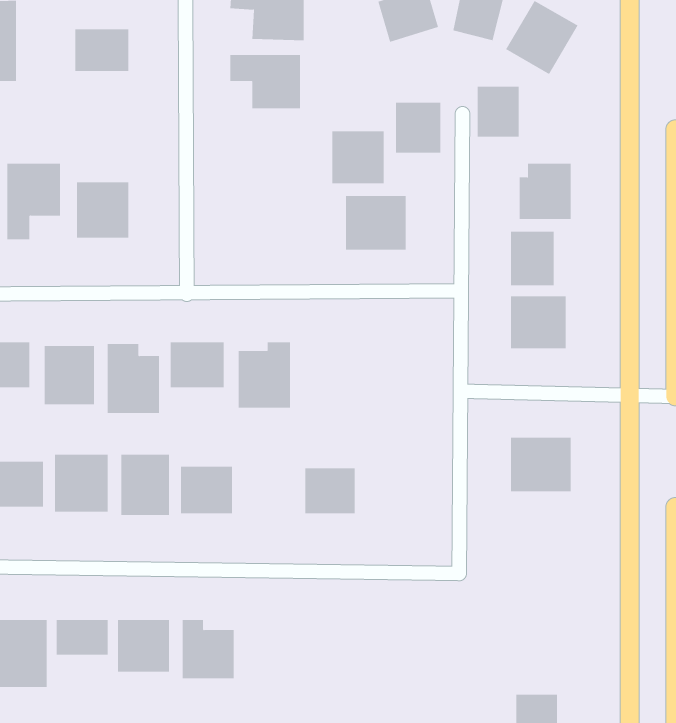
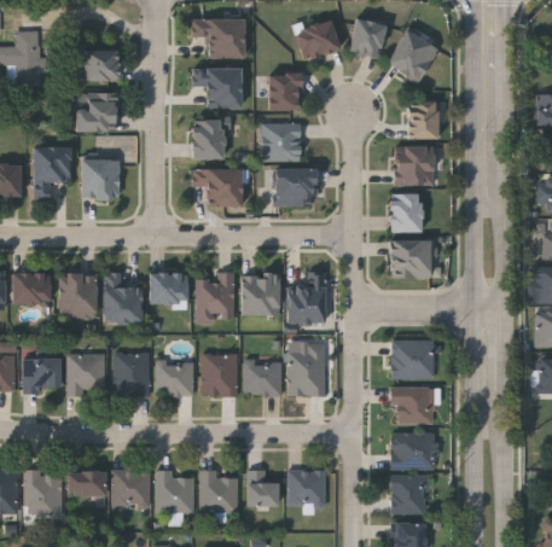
building: [477,86,519,137] -> [407,103,437,139]
building: none -> [81,93,117,132]
building: [395,102,441,153] -> [268,74,301,110]
building: none -> [192,121,223,158]
building: none -> [193,169,242,208]
building: none -> [242,273,280,315]
building: none -> [289,273,325,324]
building: none -> [290,344,326,395]
building: none -> [202,355,237,396]
building: none -> [391,388,434,425]
building: none -> [390,432,434,470]
building: none -> [201,470,238,512]
building: none -> [246,470,277,506]
building: none -> [287,470,326,507]
building: none -> [390,476,426,514]

